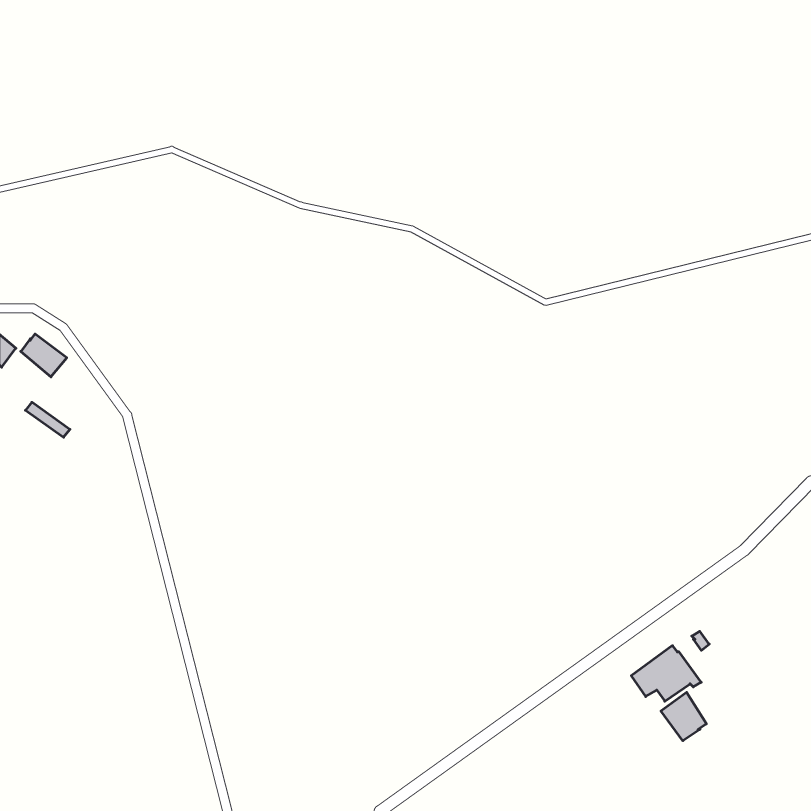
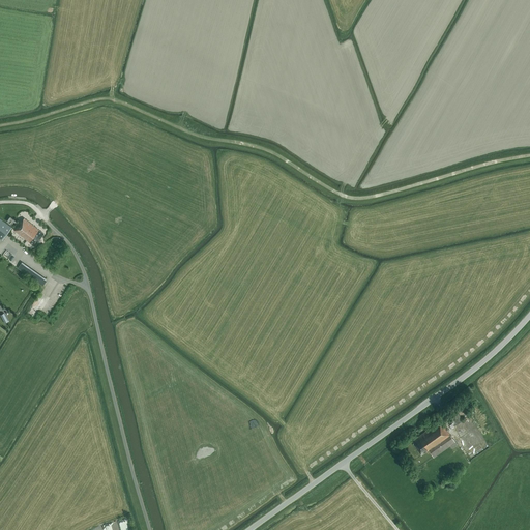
building: [661,692,706,741] -> none

